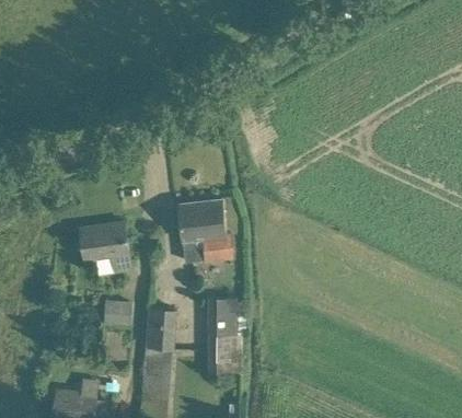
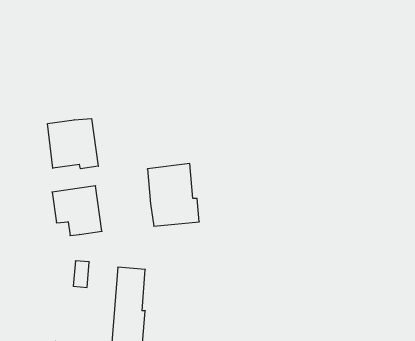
building: none -> [48,119,98,169]
building: [207,298,238,376] -> none

